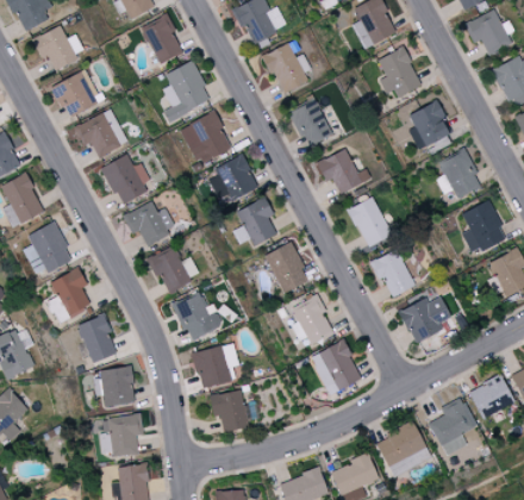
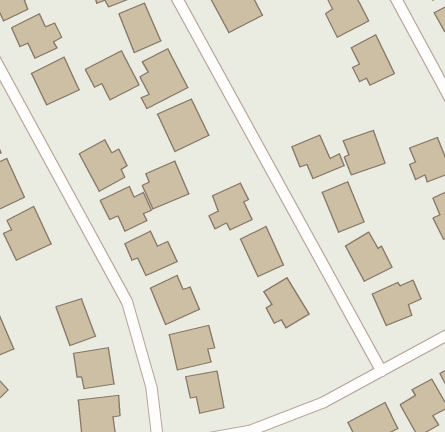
building: [264,43,311,94] -> none
building: [291,100,331,146] -> none
building: [408,102,451,148] -> [343,130,385,175]
building: [74,108,129,158] -> [85,51,139,100]
building: [211,155,258,204] -> [142,161,189,209]
building: [51,268,92,317] -> none
building: [312,340,362,394] -> none

